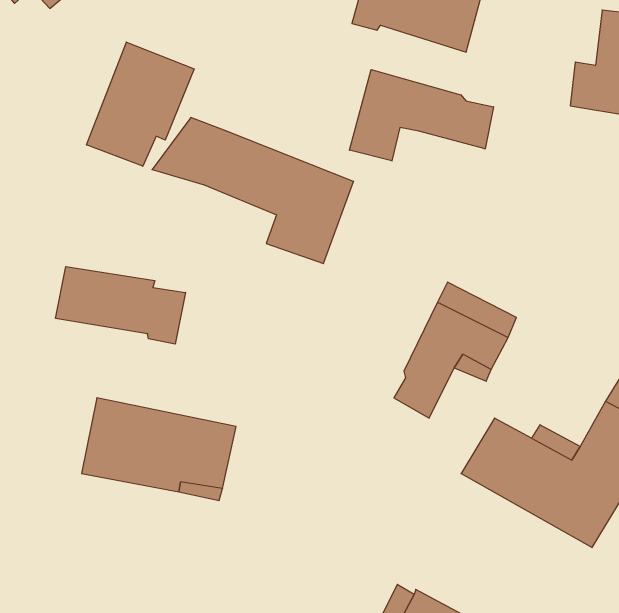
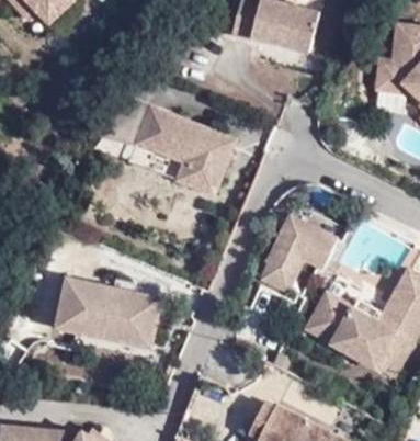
building: [87,42,194,166] -> none
building: [349,70,494,161] -> none
building: [56,267,185,344] -> none

